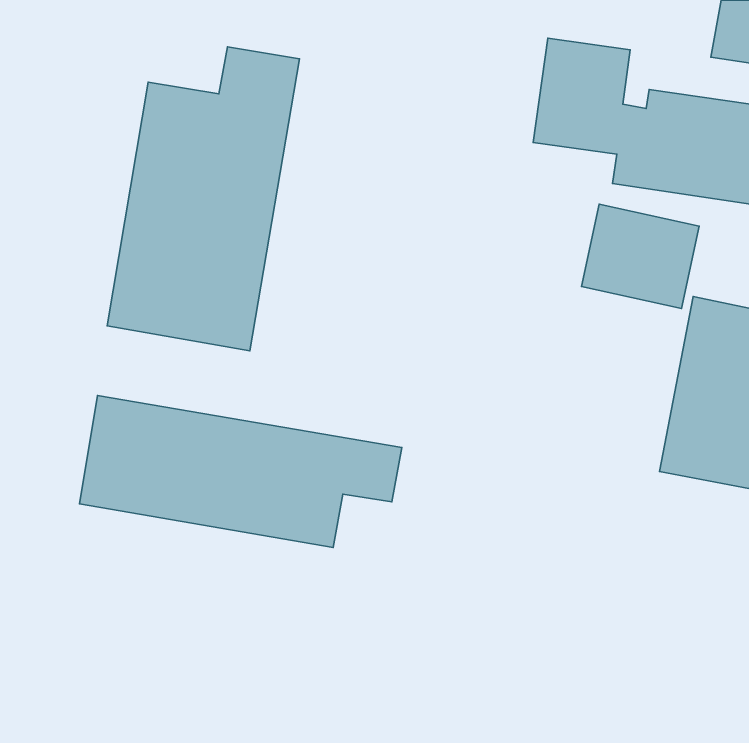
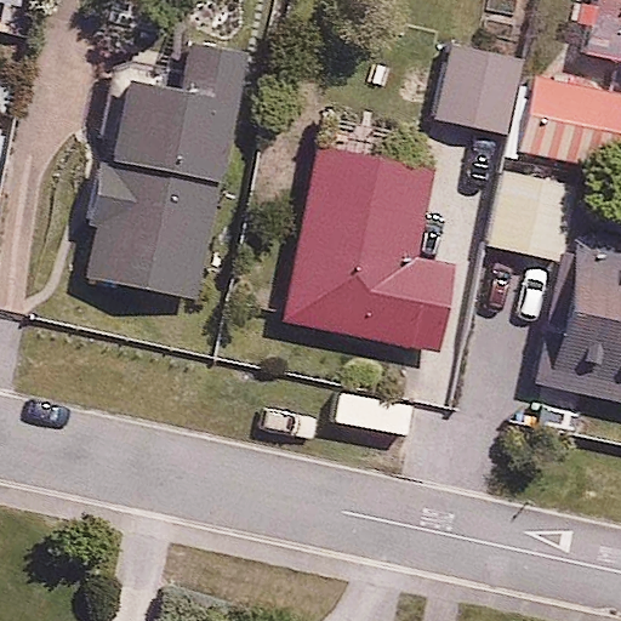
building: none -> [285,148,451,346]
building: [80,395,402,548] -> none

